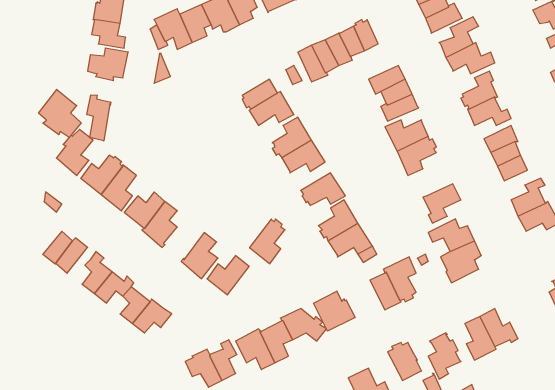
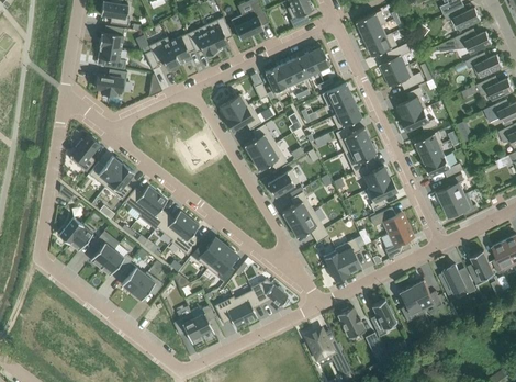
building: [39,89,81,137] -> none
building: [87,95,111,141] -> none
building: none -> [354,167,390,189]
building: [250,219,285,264] -> [207,246,236,282]
building: none -> [156,211,189,240]
building: none -> [439,265,465,295]
building: [314,291,355,331] -> none

